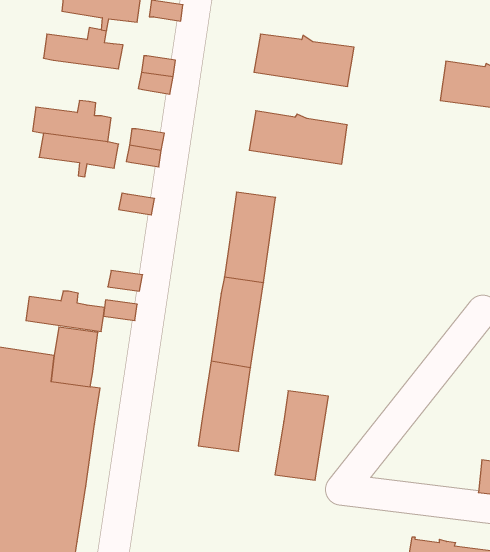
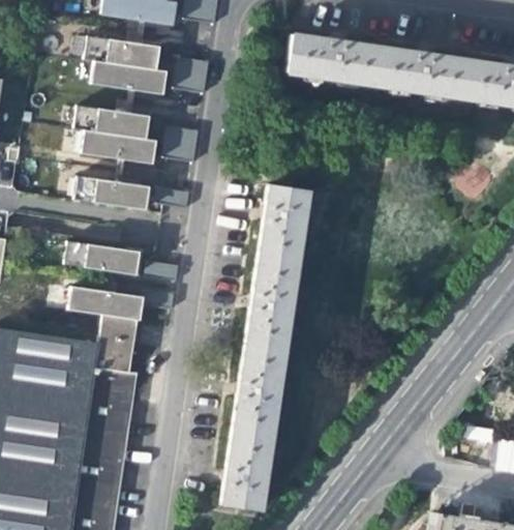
building: none -> [91,61,167,101]
building: [249,111,347,164] -> [373,49,466,99]
building: none -> [74,171,150,210]
building: none -> [65,240,140,281]
building: [275,391,328,480] -> [219,428,270,512]

